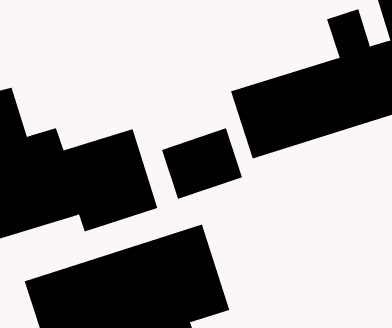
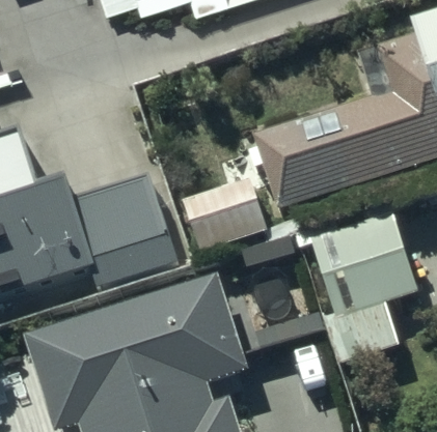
building: none -> [304,205,419,362]

